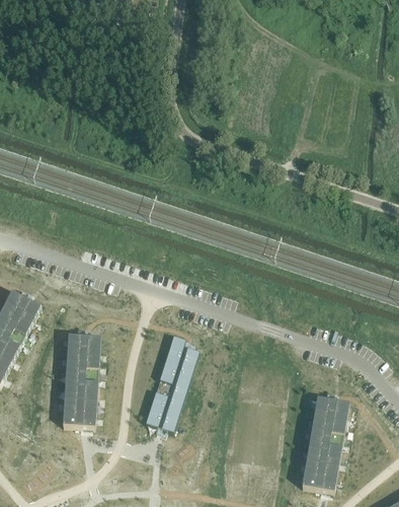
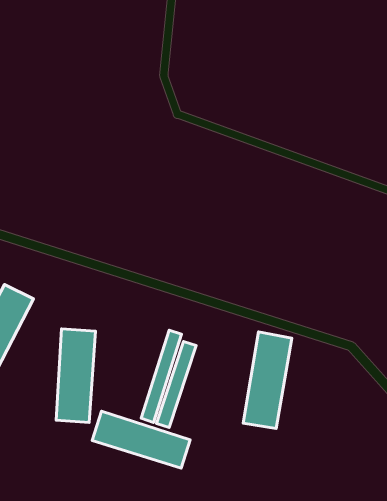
building: [302,396,349,491] -> [243,332,292,428]
building: none -> [92,411,190,468]

